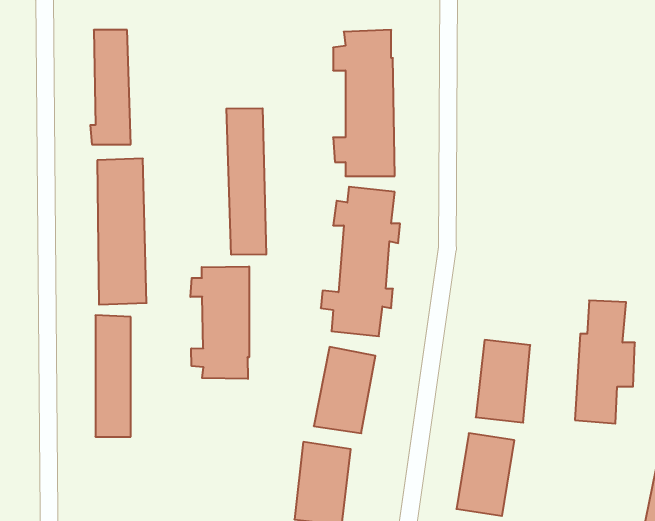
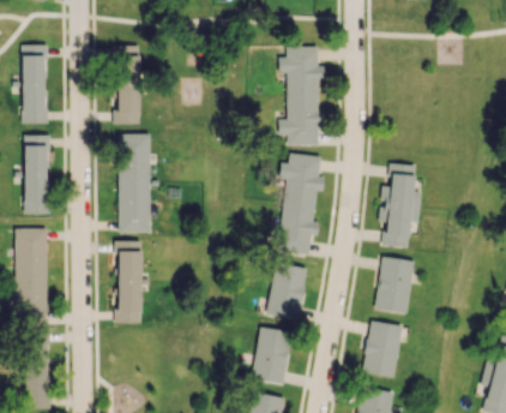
building: [226,108,266,255] -> none
building: [190,266,249,379] -> none
building: [575,300,635,424] -> [381,163,422,247]

